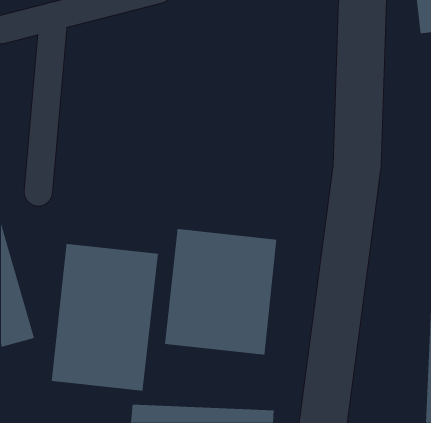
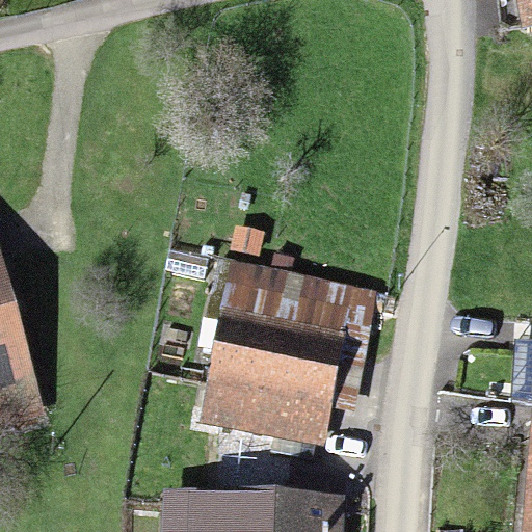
building: [51,243,158,392] -> none

